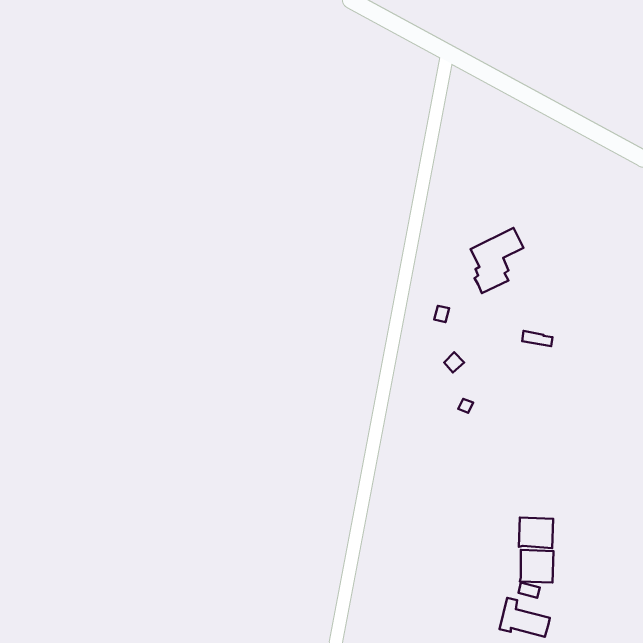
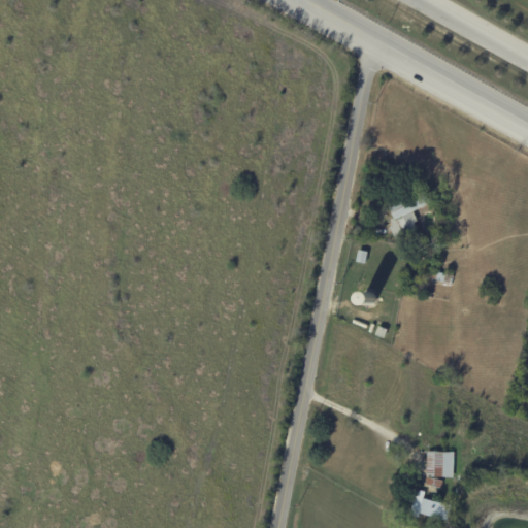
building: [519,518,553,548] -> none

